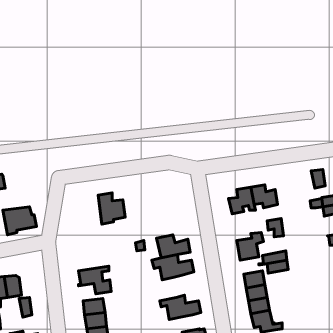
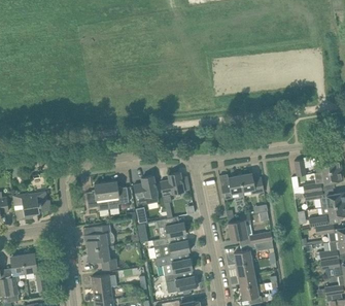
building: none -> [160,172,184,203]
building: none -> [133,175,159,205]
building: none -> [85,182,108,209]
building: none -> [84,225,114,249]
building: none -> [154,253,193,273]

